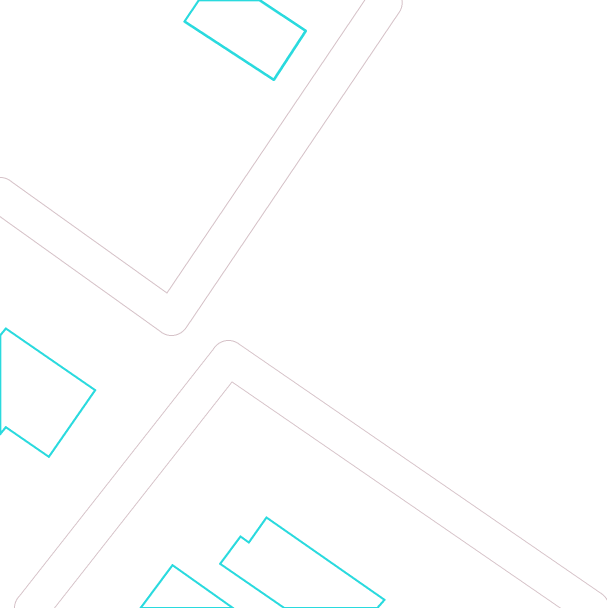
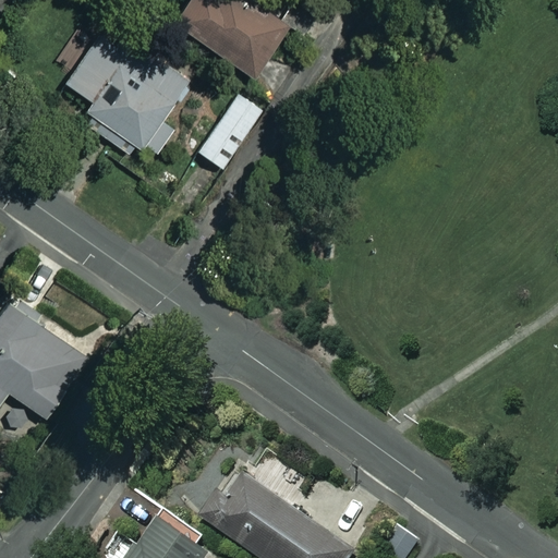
building: none -> [63,22,187,167]
building: none -> [197,94,262,168]

